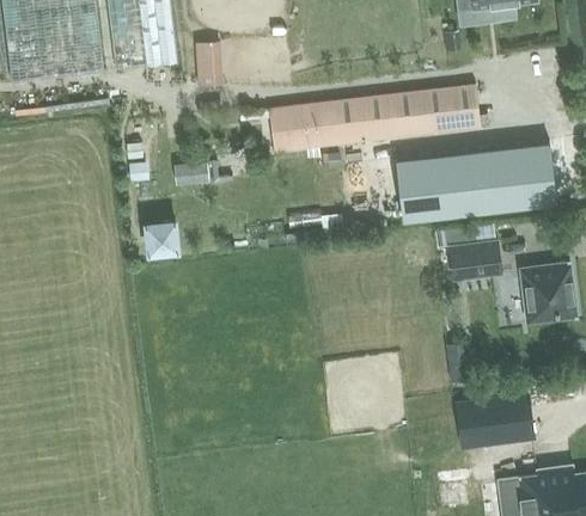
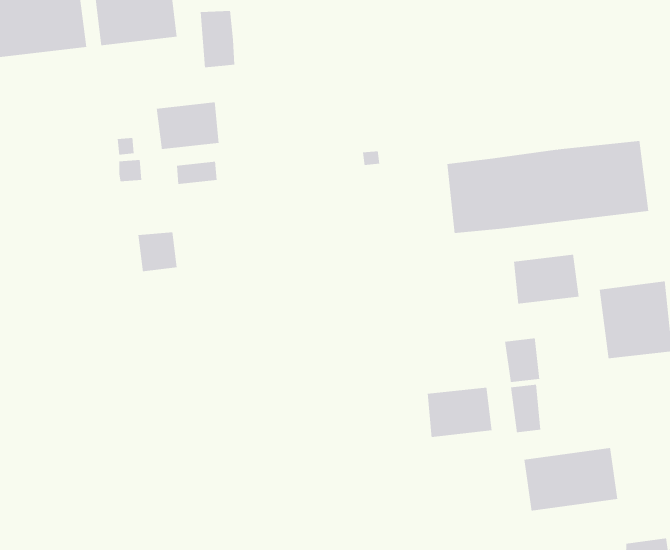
building: [269,85,480,154] -> none
building: none -> [156,101,219,150]
building: none -> [504,338,540,383]
building: none -> [427,387,492,438]

